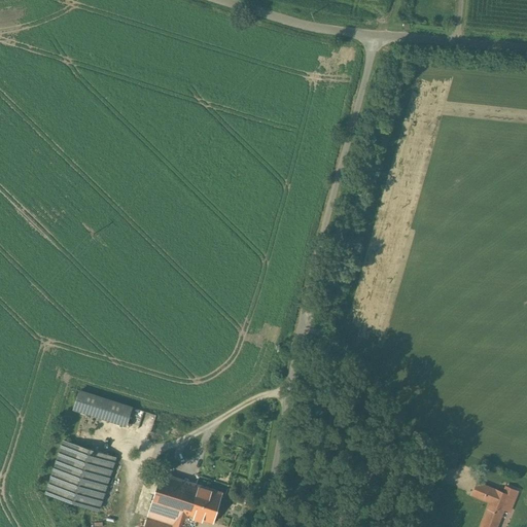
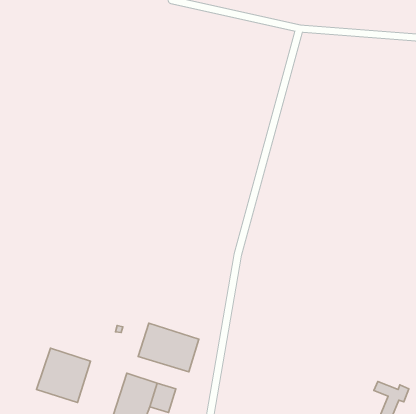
building: [72,391,132,426] -> none
building: none -> [138,323,199,372]

